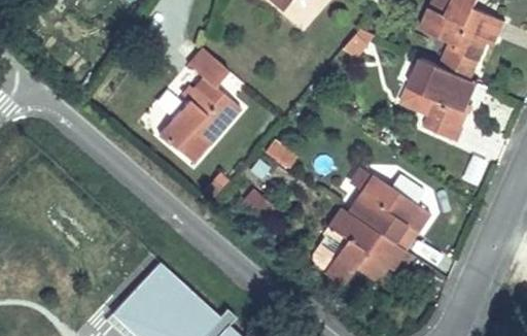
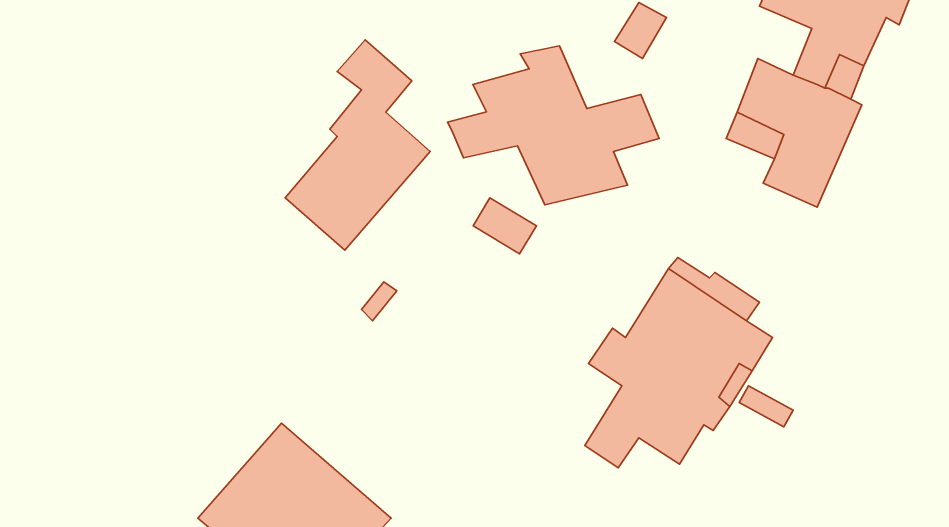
building: none -> [447,46,659,205]

